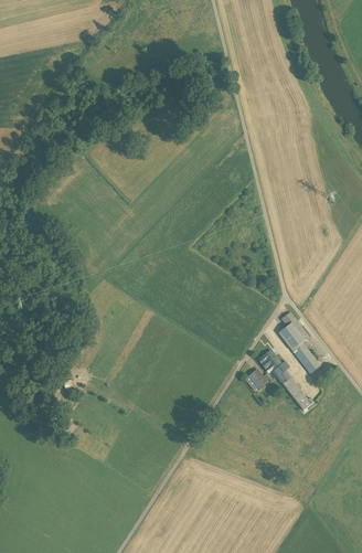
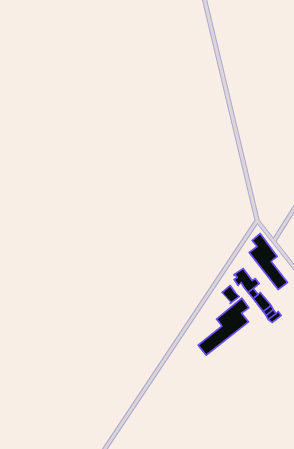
building: none -> [198,298,249,355]

